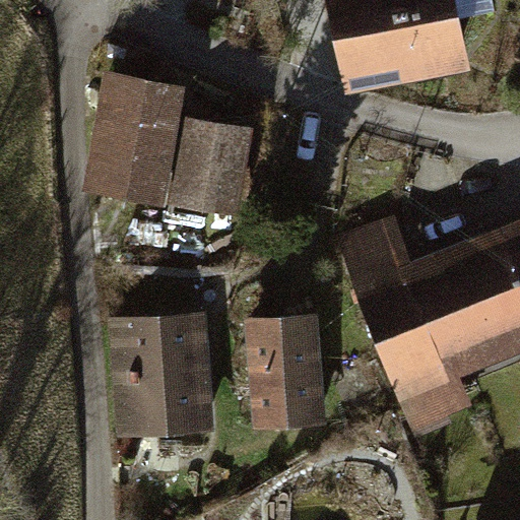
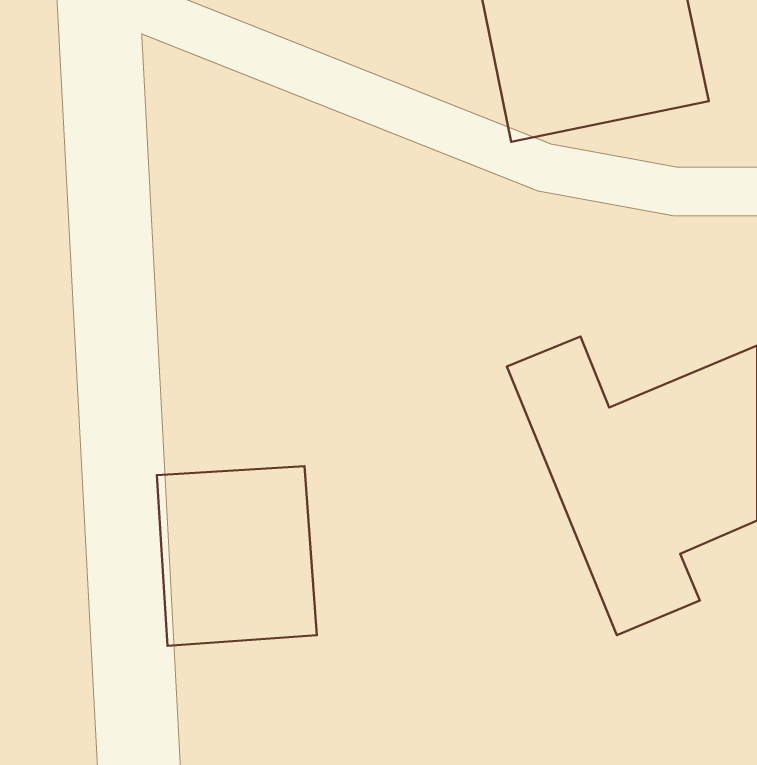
building: [87,73,258,218] -> none
building: [240,315,326,427] -> none

